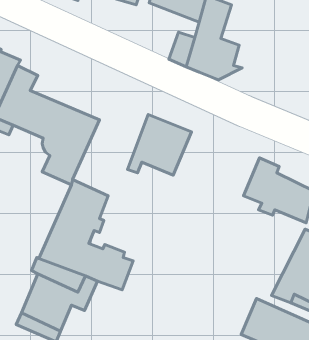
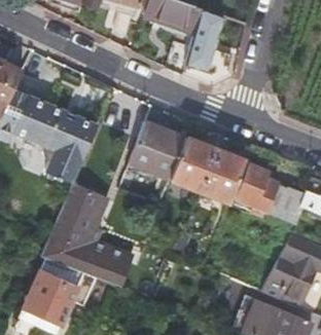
building: none -> [168,137,245,200]

